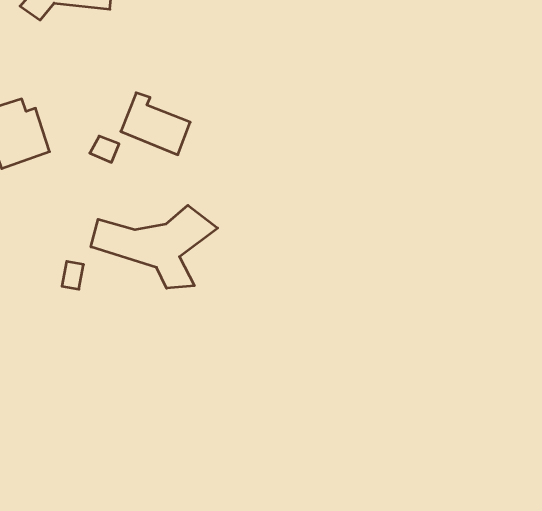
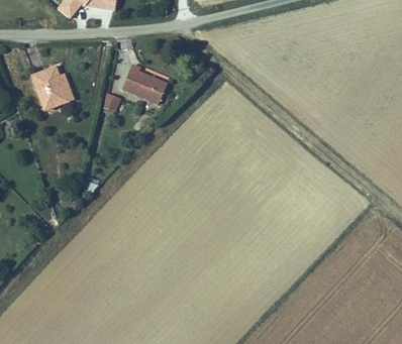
building: [91,205,218,288] -> none

